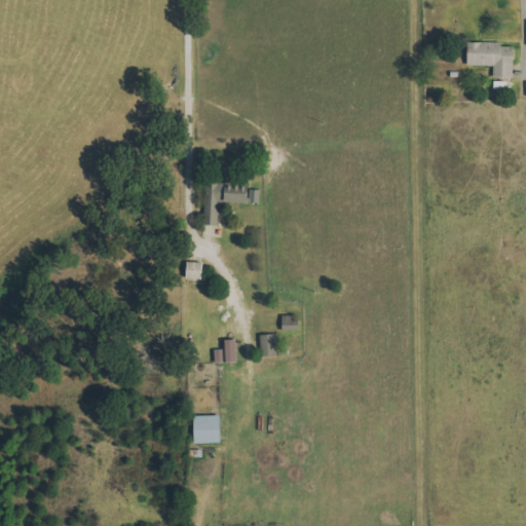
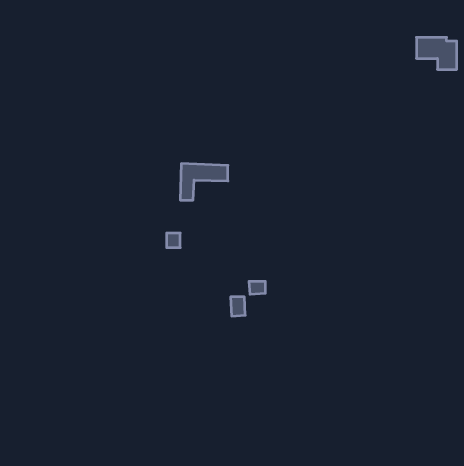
building: [213,340,237,363] -> none
building: [193,415,220,443] -> none

